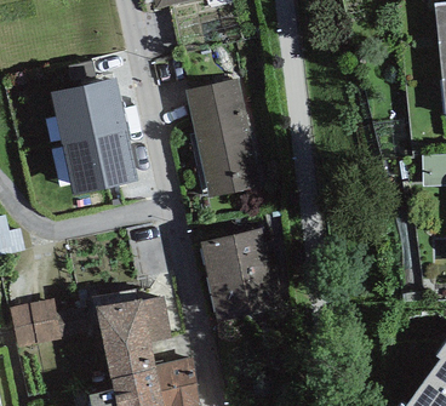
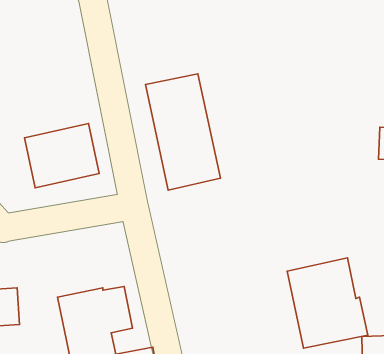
building: [48,79,126,145] -> none
building: [199,229,281,321] -> [287,258,368,348]

